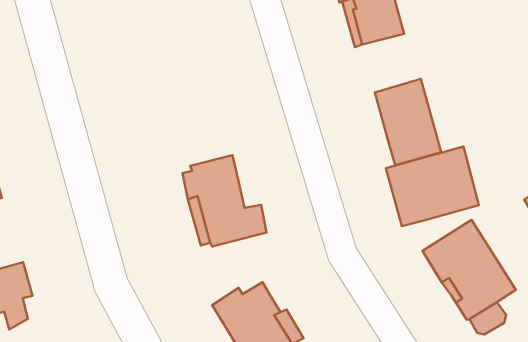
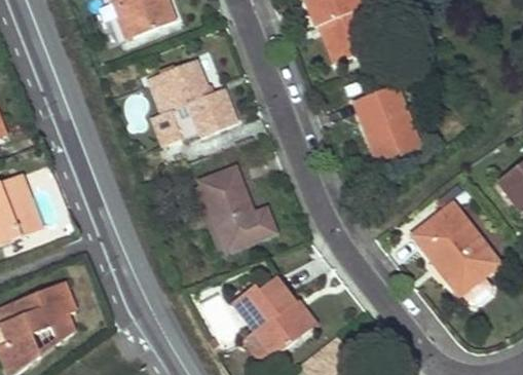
building: none -> [147,60,236,144]
building: [386,146,479,226] -> none

